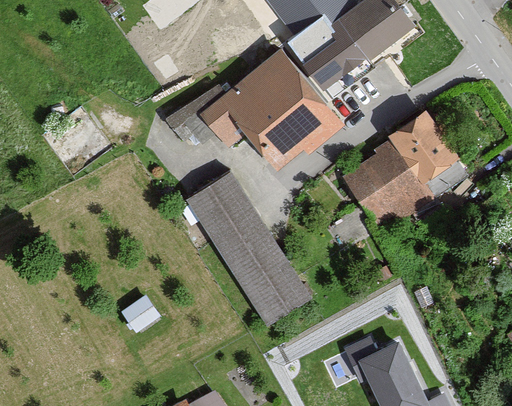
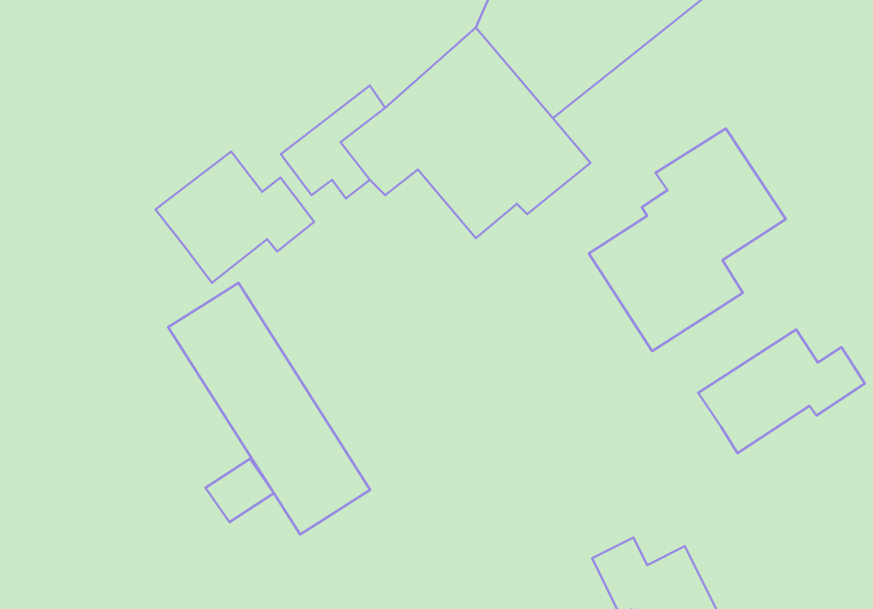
building: none -> [155,151,314,283]
building: [191,176,309,323] -> [168,283,370,534]
building: none -> [698,329,865,453]

